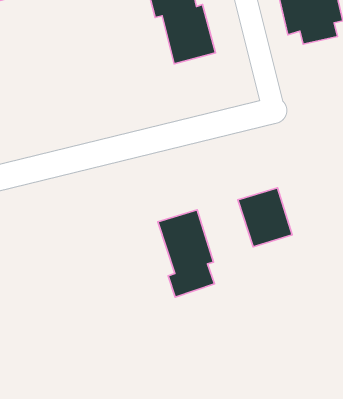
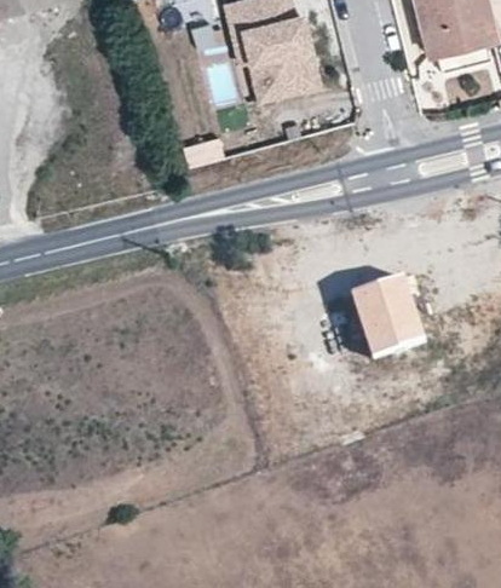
building: [158,210,215,297] -> none

